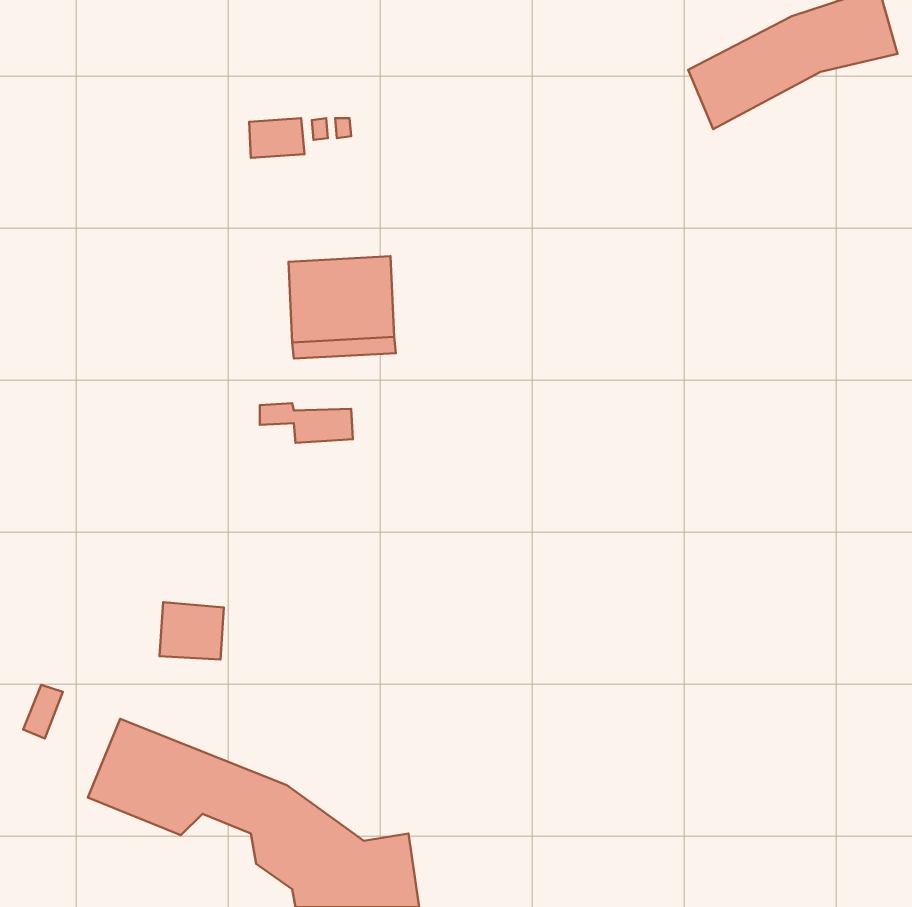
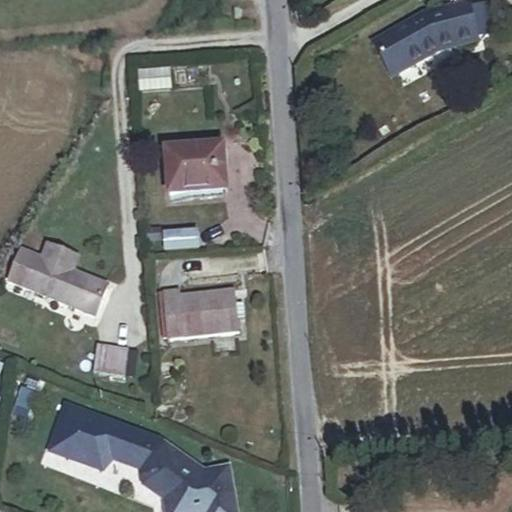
building: none -> [8,243,107,314]
building: none -> [162,287,247,338]

